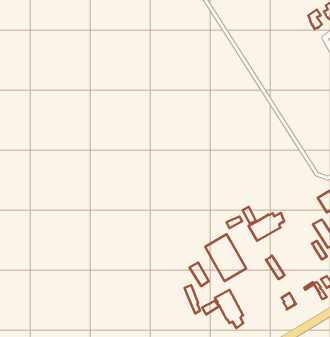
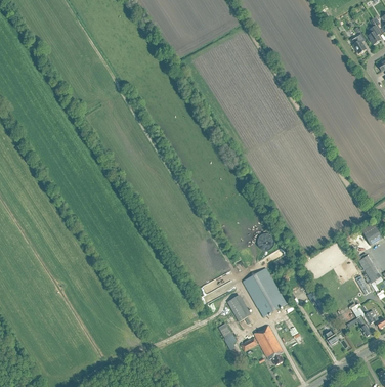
building: [242,207,284,241] -> none

